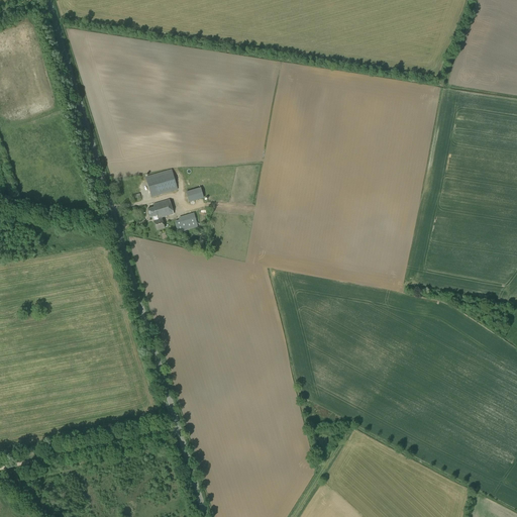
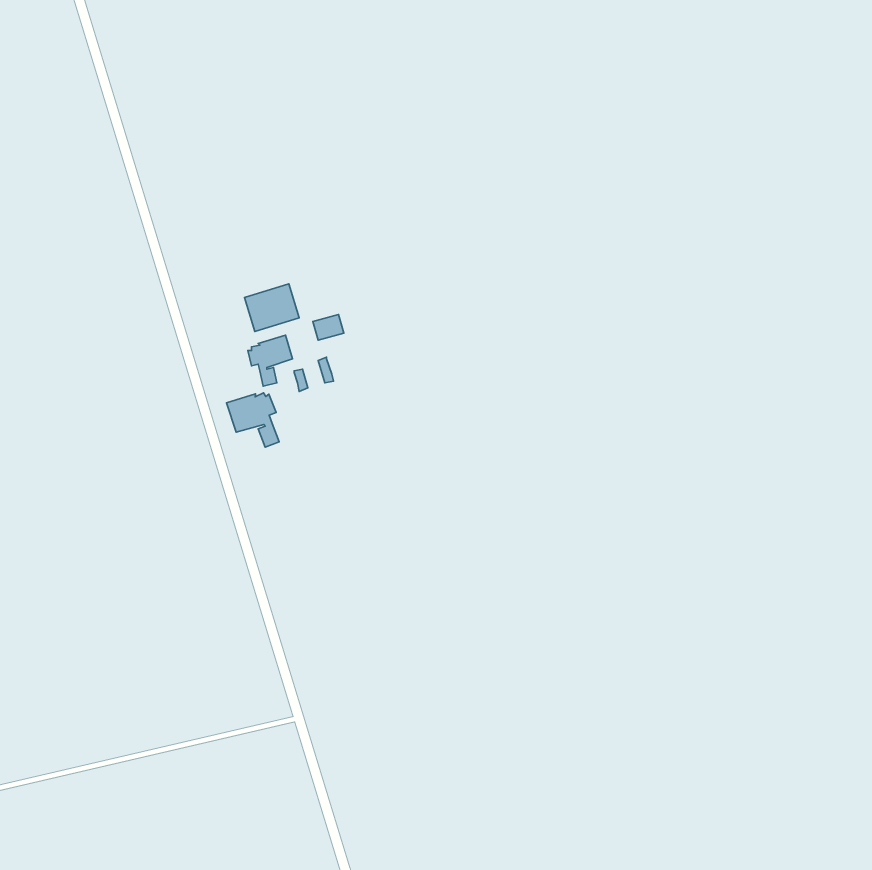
building: none -> [226,393,279,447]

